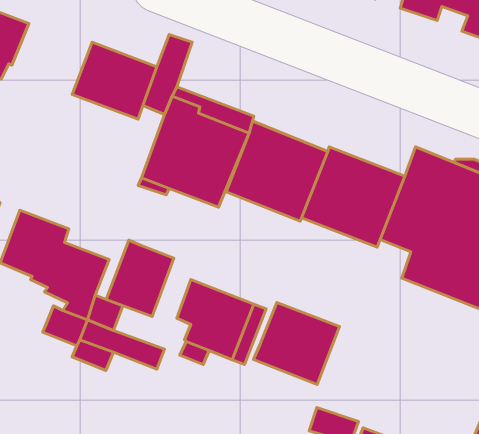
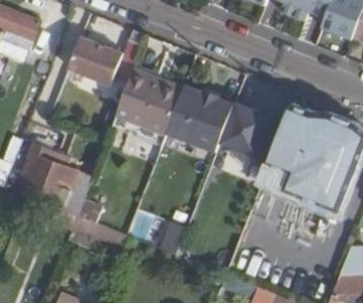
building: [106,240,174,316] -> none
building: [254,303,339,384] -> none

